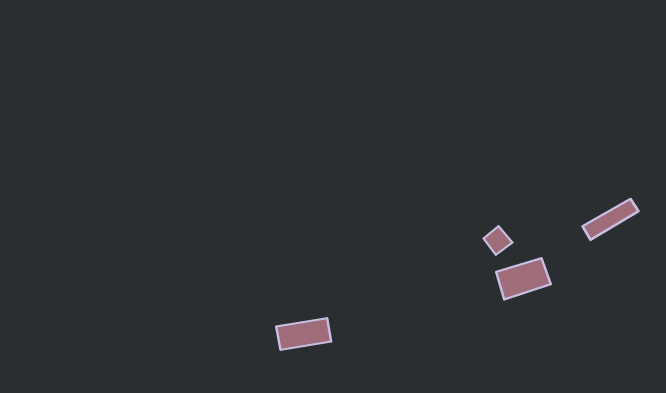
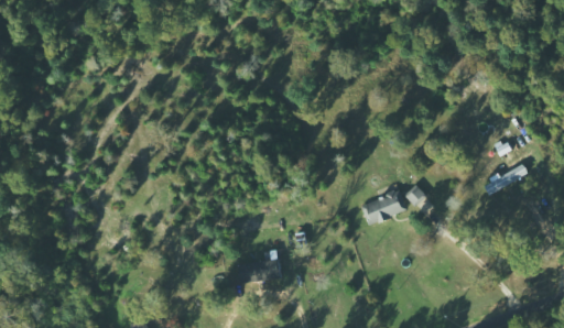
building: [496,258,551,299] -> [362,192,406,225]

